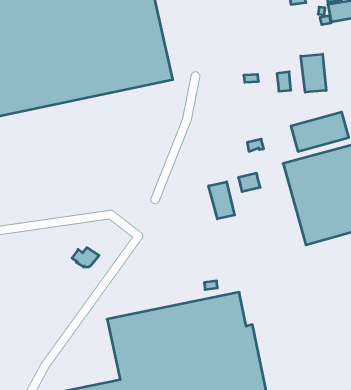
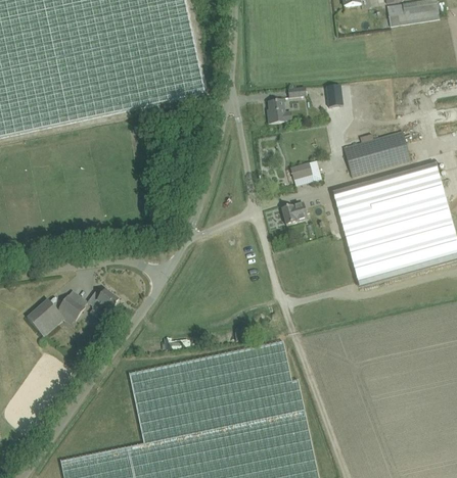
building: [301,54,326,92] -> none
building: none -> [268,100,292,124]
building: [209,182,235,219] -> none
building: none -> [28,295,85,337]

